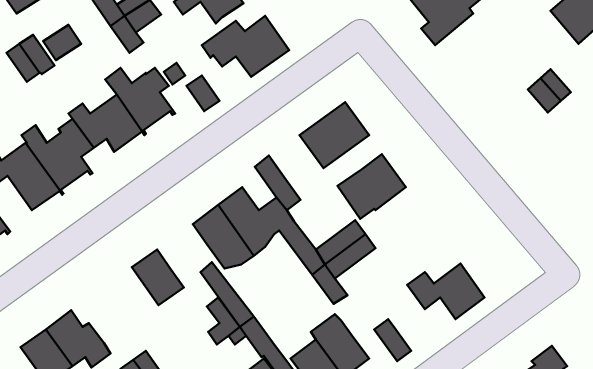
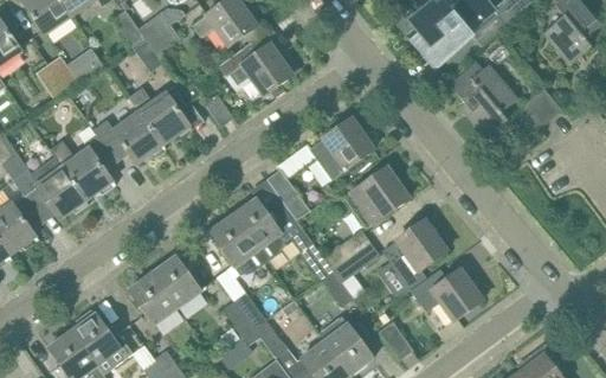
building: none -> [449,62,517,139]
building: none -> [381,219,446,289]
building: none -> [129,273,178,325]

